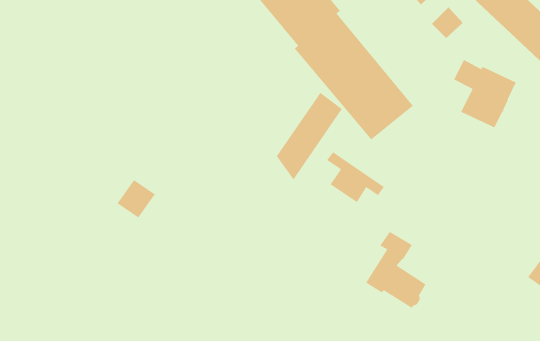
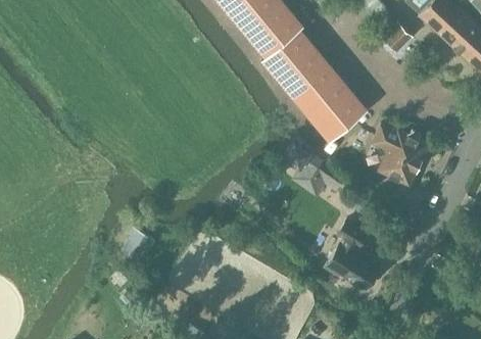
building: [453,59,517,128] -> [373,126,429,187]
building: [276,92,343,181] -> none
building: [117,179,156,219] -> [122,228,156,262]

